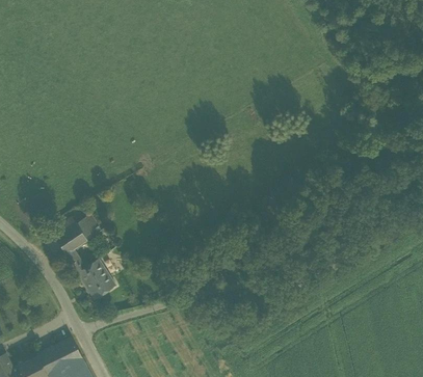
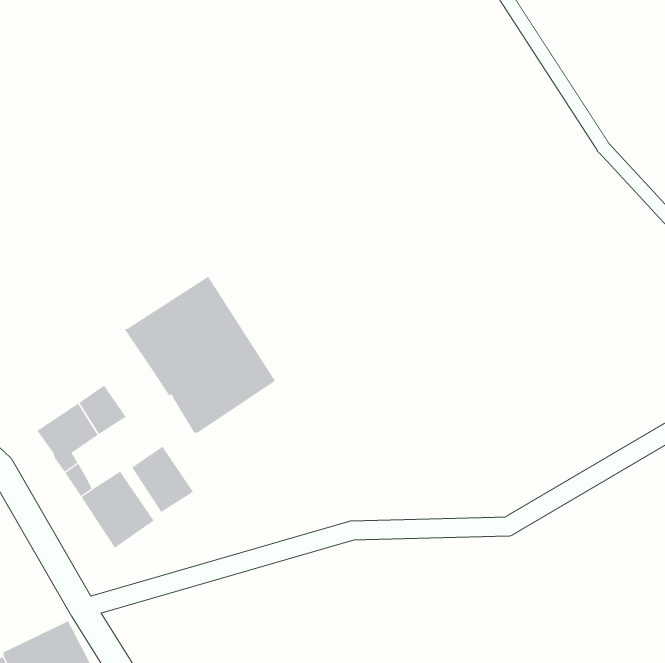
building: none -> [124,276,276,434]
building: none -> [131,446,194,513]

